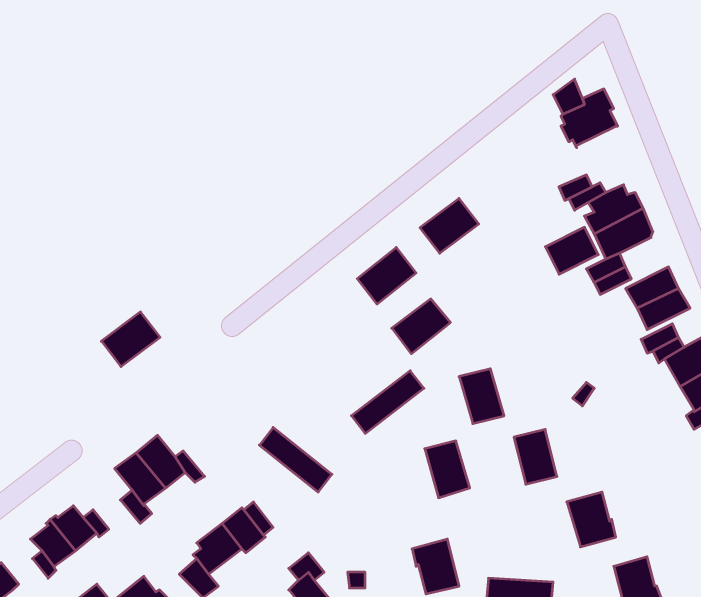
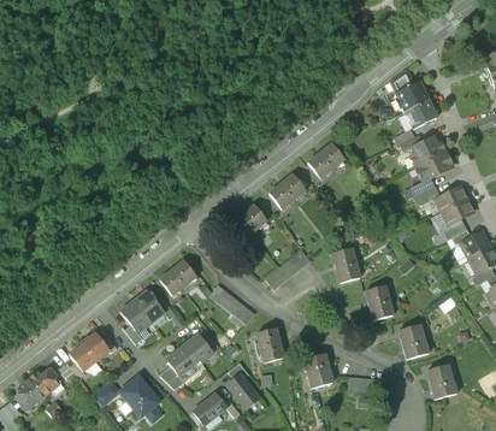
building: [545,227,598,274] -> [405,99,437,128]
building: [392,299,450,354] -> [231,205,267,238]
building: [101,312,160,367] -> [160,260,196,294]
building: [425,441,470,498] -> [256,327,284,362]

